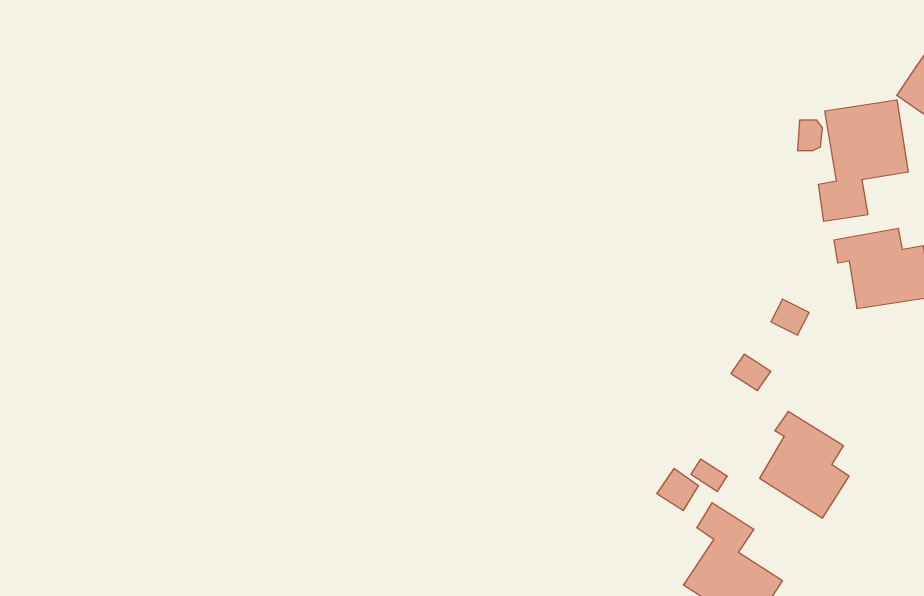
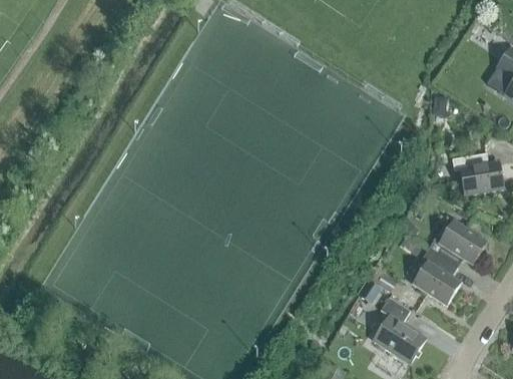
building: [818,100,908,221] -> none
building: none -> [428,220,486,267]

